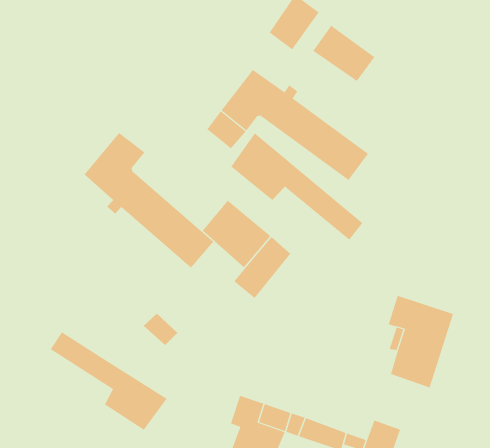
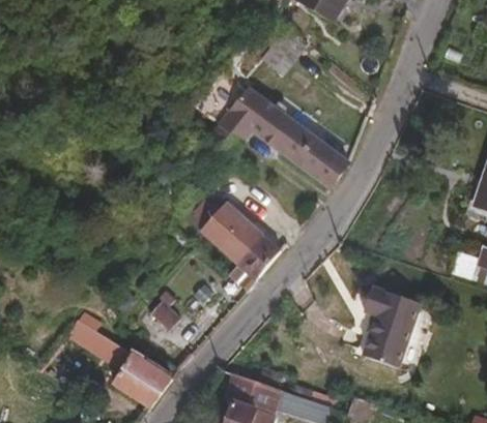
building: [312,25,375,82] -> none
building: [84,132,214,268] -> none
building: [231,133,363,241] -> none

